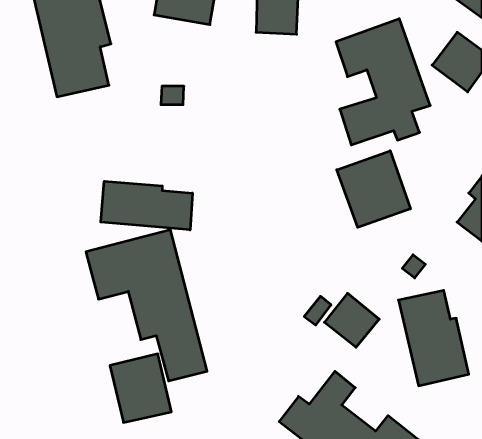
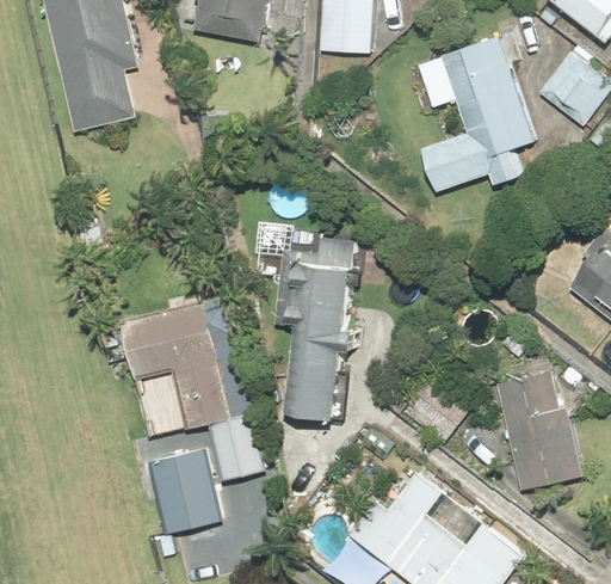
building: [337,151,410,227] -> none
building: [101,181,192,230] -> none
building: none -> [276,236,360,417]

